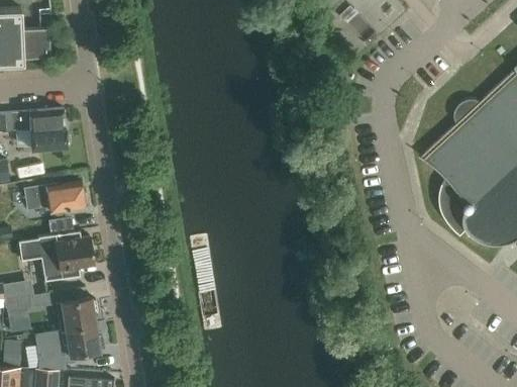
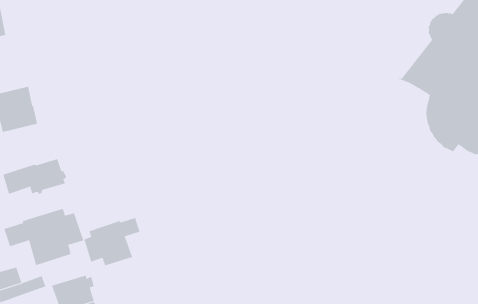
building: none -> [84,217,140,266]

